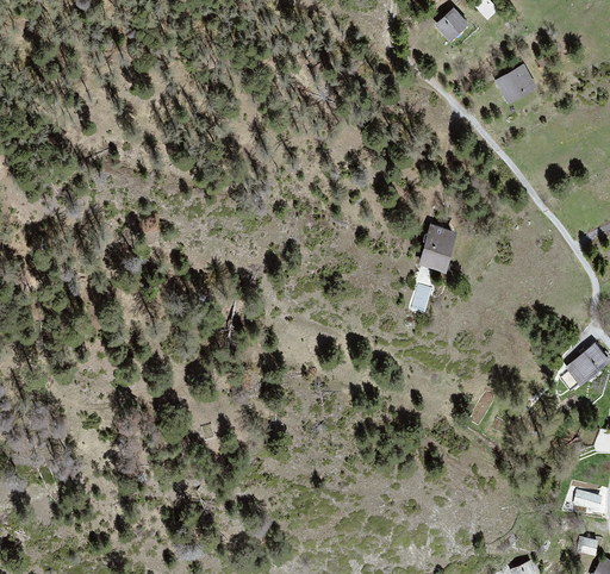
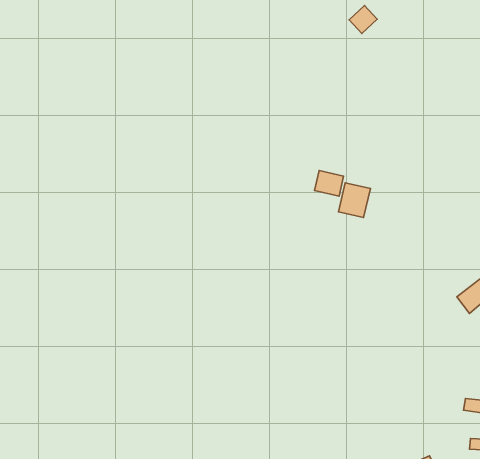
building: [494,63,537,104] -> none
building: none -> [315,170,344,196]

